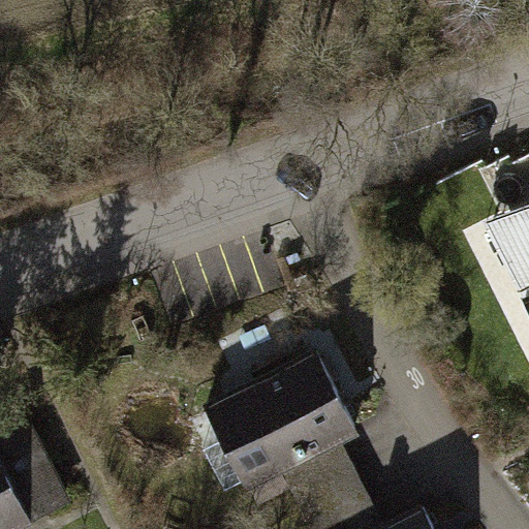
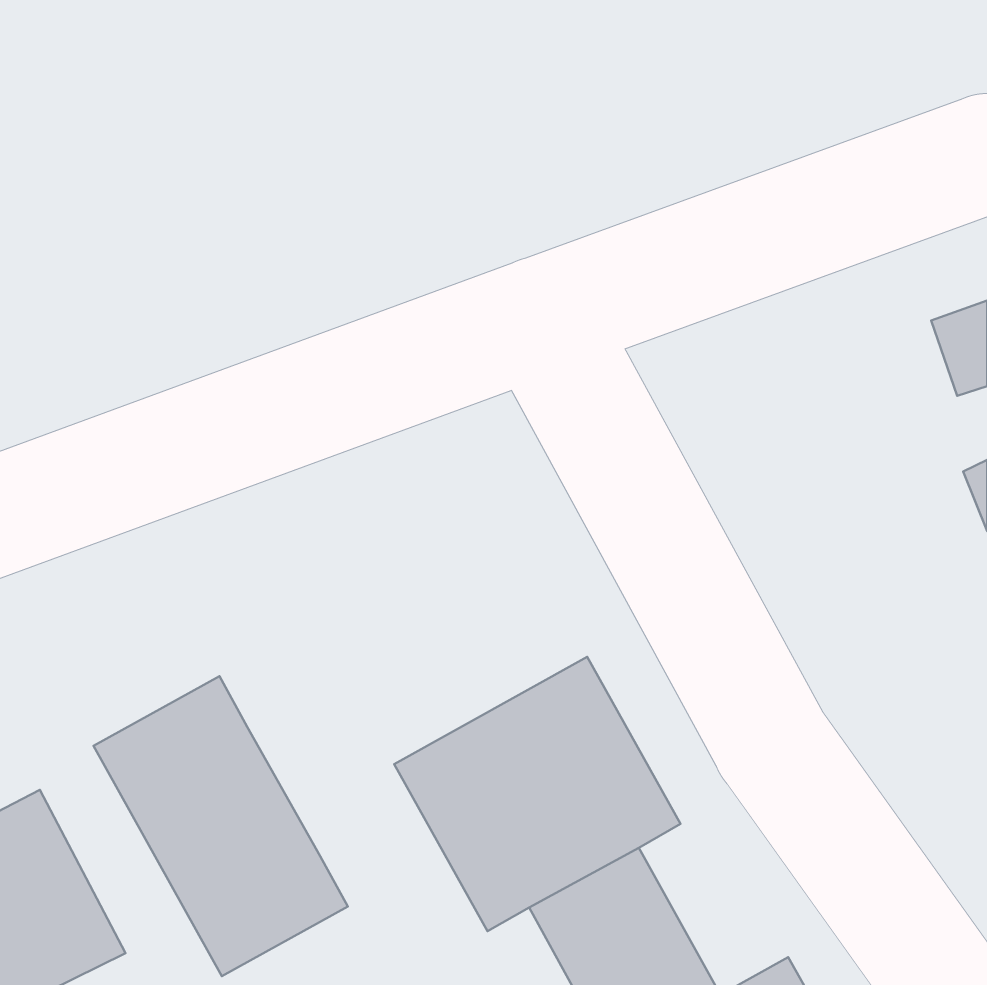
building: none -> [94,676,348,976]

